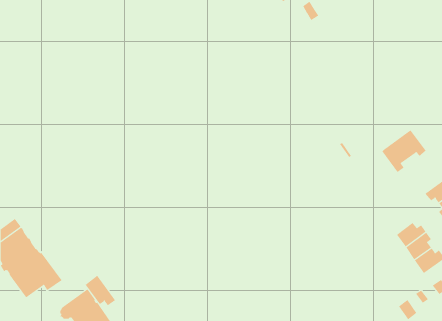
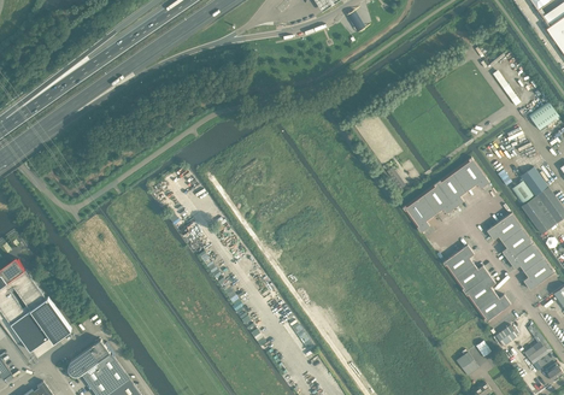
building: none -> [403,183,454,232]
building: none -> [443,244,475,278]
building: [85,275,116,306] -> none

